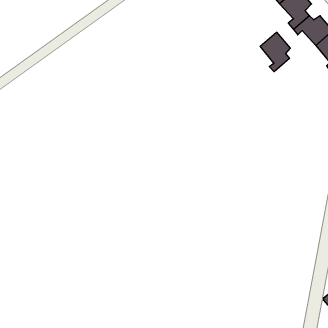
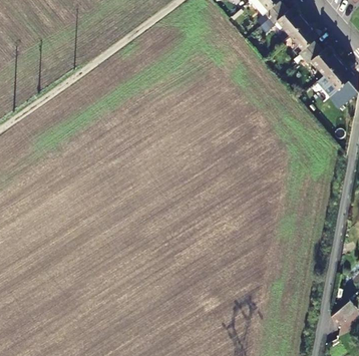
building: [260,32,290,72] -> none

